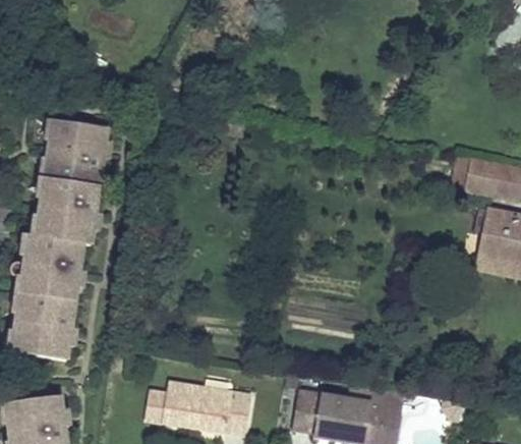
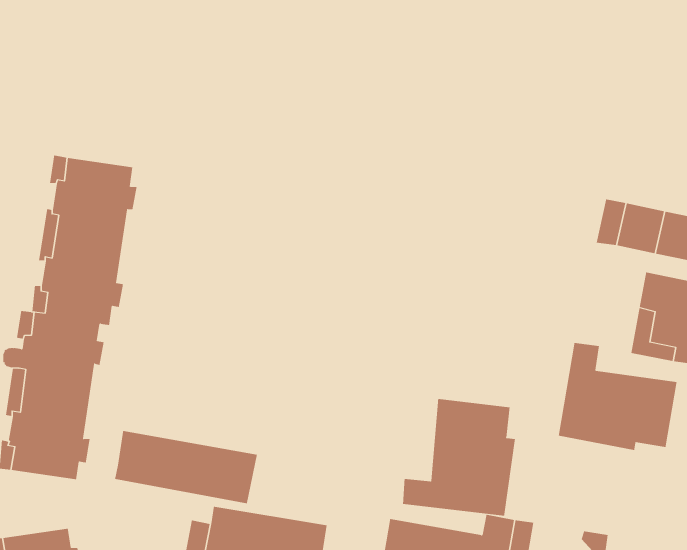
building: none -> [558,342,677,451]
building: none -> [402,398,516,516]
building: none -> [114,430,258,504]

